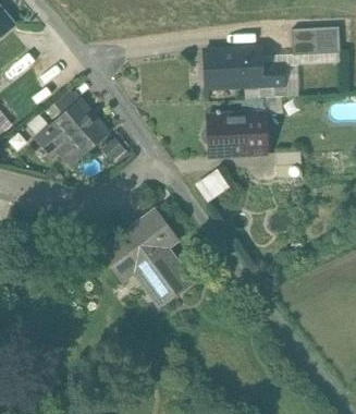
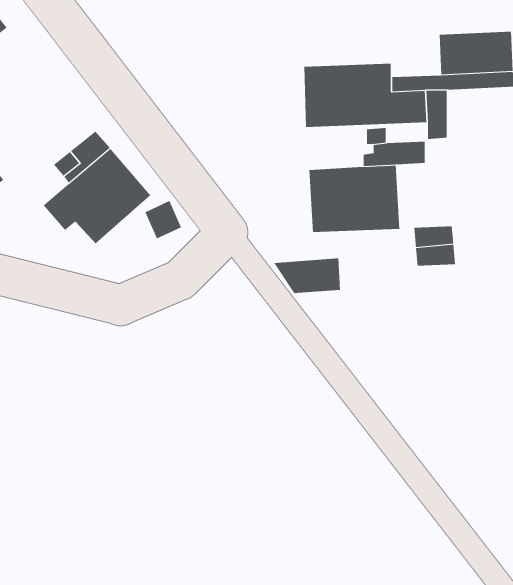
building: [100,211,191,303] -> none

